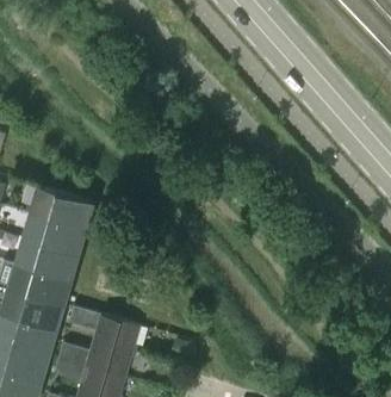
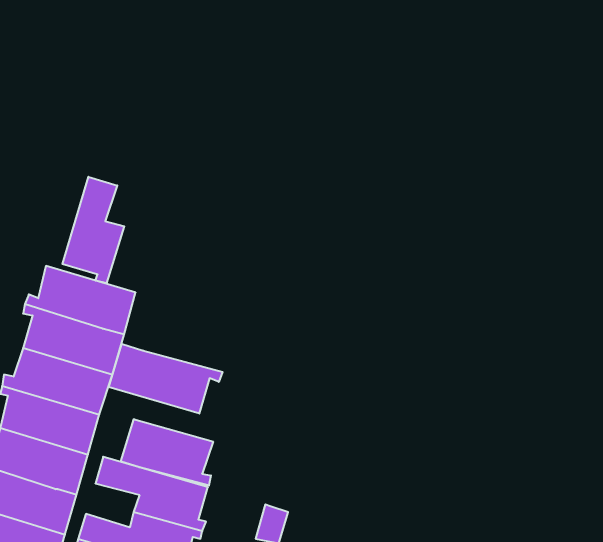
building: none -> [62,177,124,283]
building: none -> [109,344,223,414]
building: none -> [121,419,213,486]

